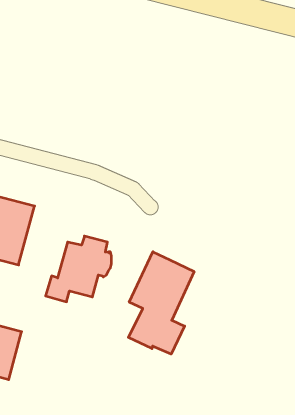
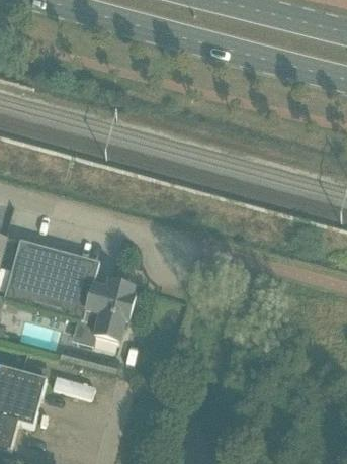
building: none -> [42,248,99,320]
building: [128,252,194,354] -> none

